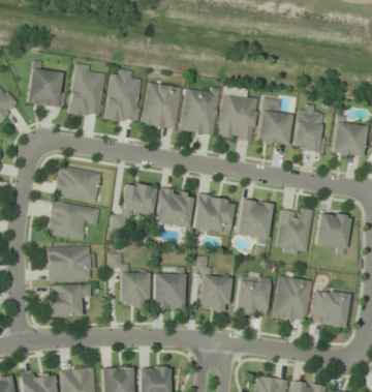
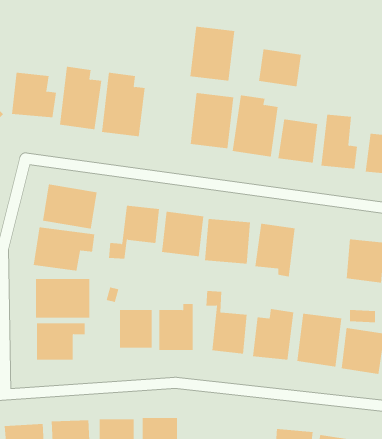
building: none -> [258,48,301,87]
building: [143,82,182,129] -> [190,26,235,81]
building: [276,207,311,255] -> none

